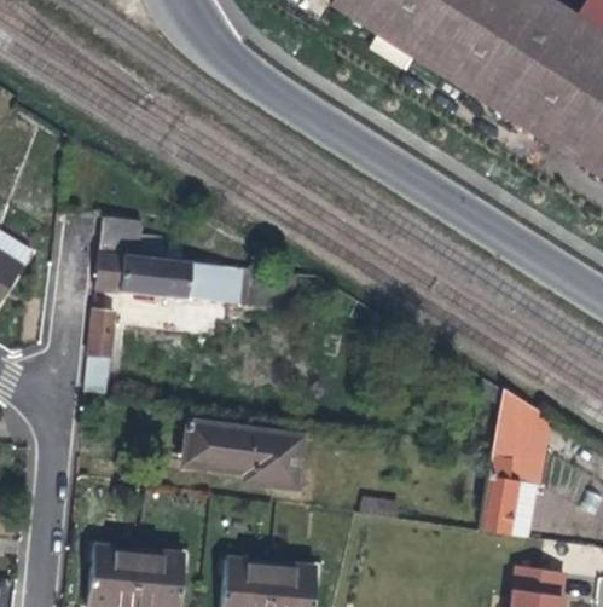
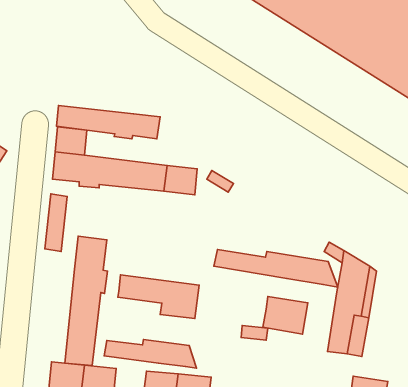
building: none -> [56,105,160,139]
building: none -> [65,236,107,366]
building: none -> [214,250,338,287]
building: none -> [263,297,308,334]
building: none -> [104,340,196,368]

